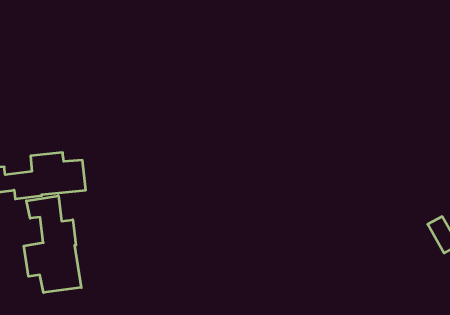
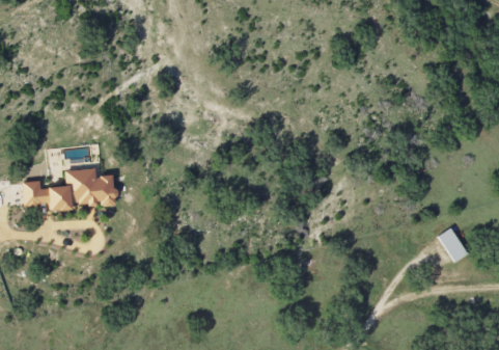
building: [24,196,81,293] -> none

